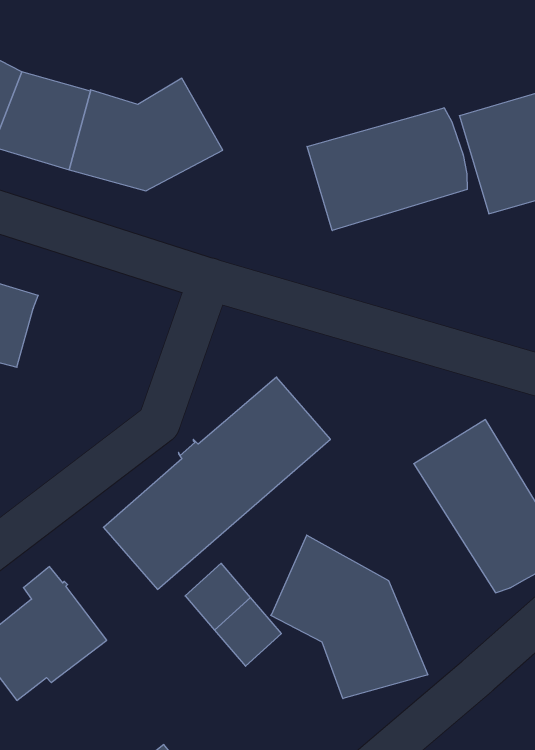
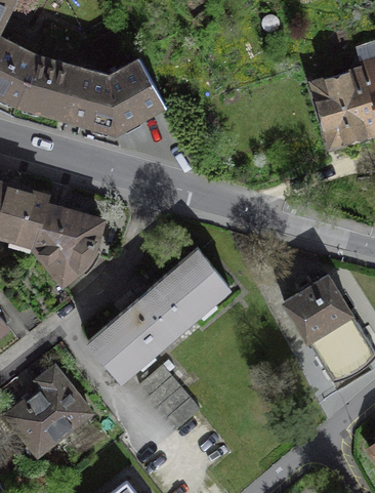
building: [307,108,467,231] -> none
building: none -> [33,206,101,283]
building: [271,535,428,699] -> none

